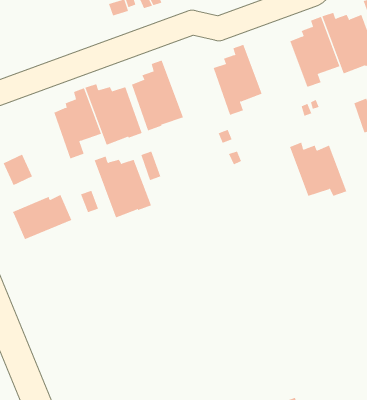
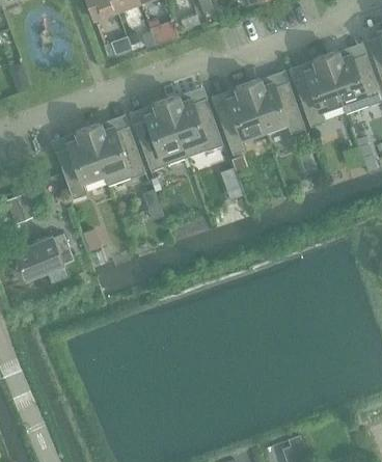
building: [289,142,347,197] -> [247,78,305,133]
building: [94,156,152,218] -> [165,94,223,157]

